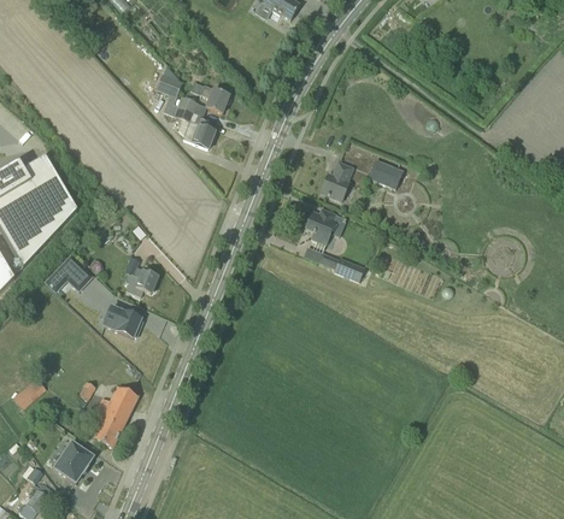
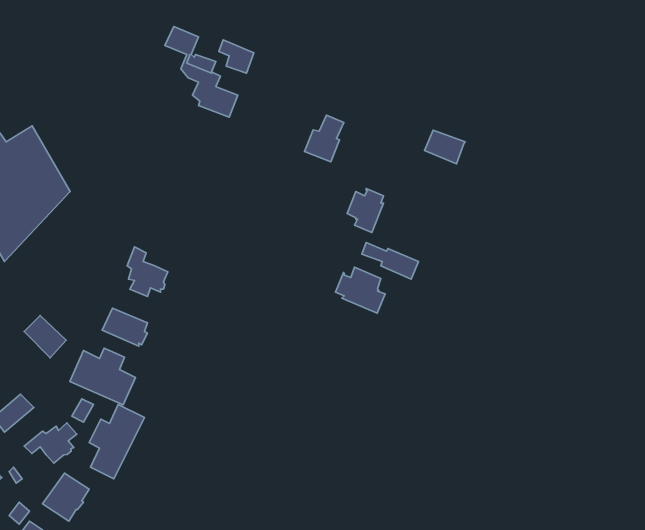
building: [319,160,352,199] -> [304,115,344,162]
building: [57,254,92,289] -> [24,315,66,358]
building: none -> [335,267,385,313]
building: none -> [70,348,135,405]
building: none -> [24,423,77,463]

